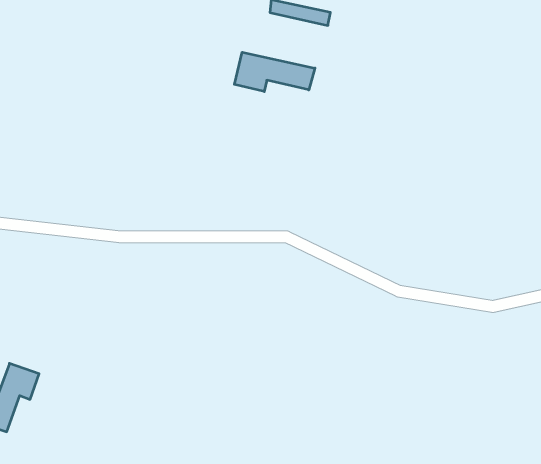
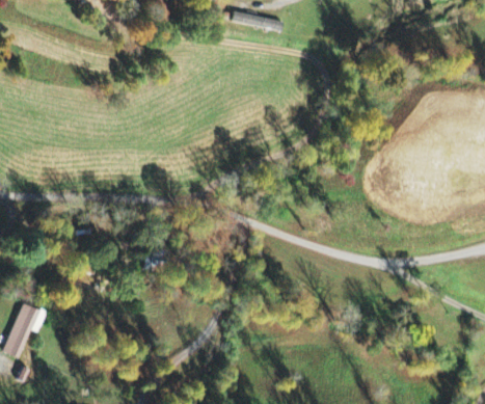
building: [234,52,315,92] -> none

